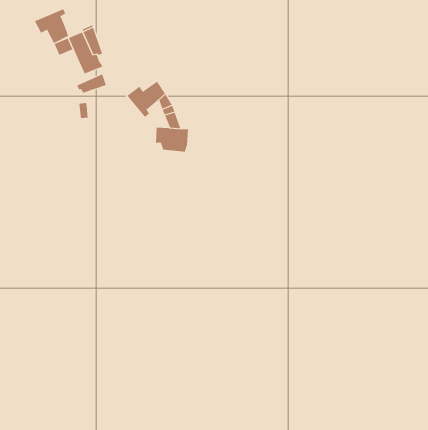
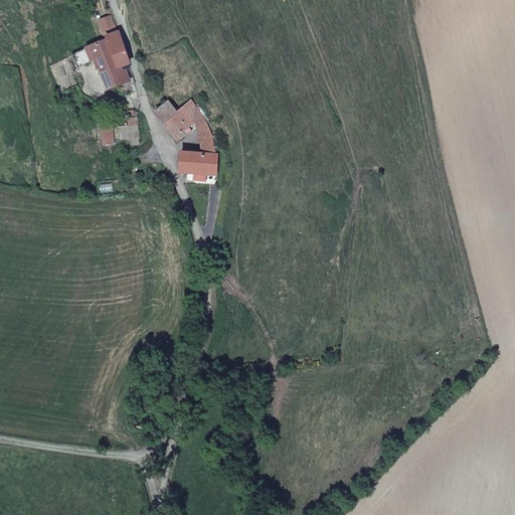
building: [34,9,69,44] -> none
building: [77,74,107,93] -> none

